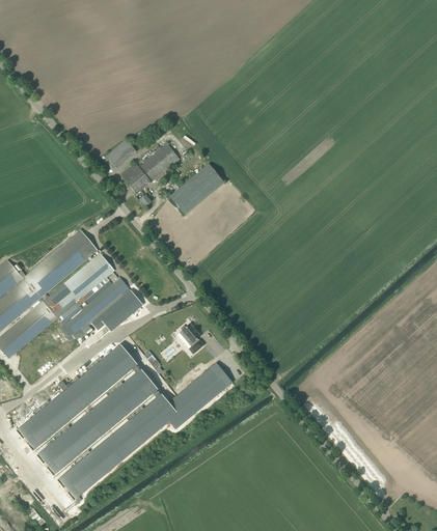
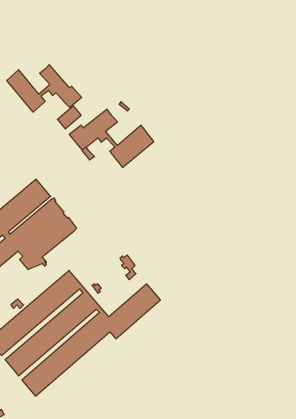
building: none -> [7,65,82,112]
building: [89,290,142,332] -> none

